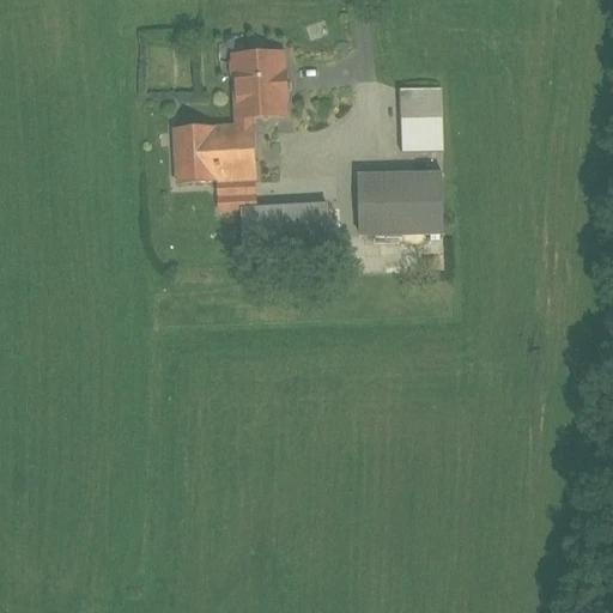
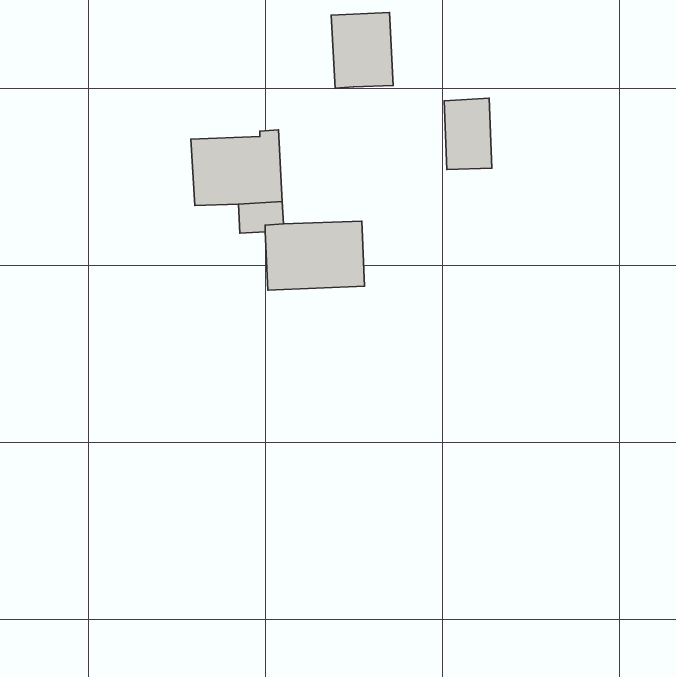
building: [231,50,287,119] -> [331,13,393,88]
building: [358,166,444,235] -> none

